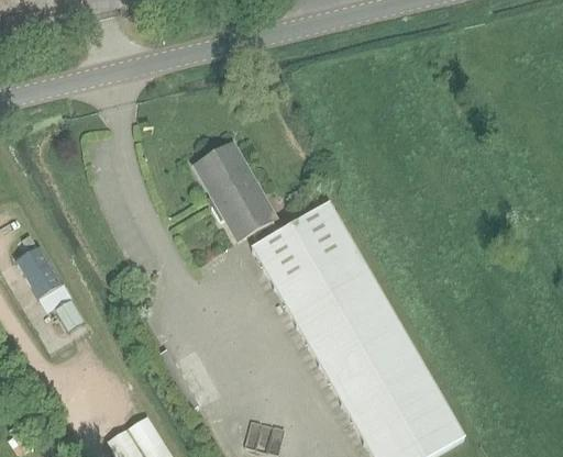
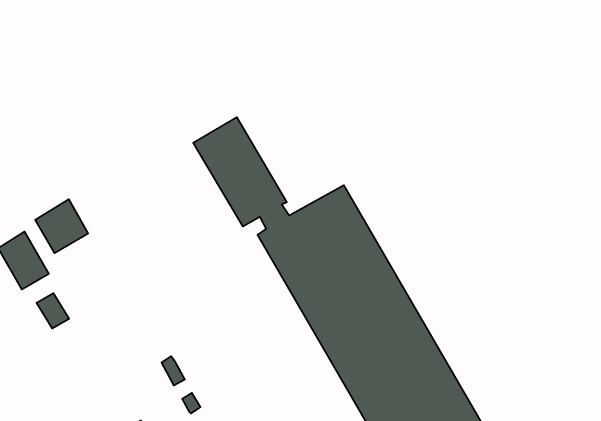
building: none -> [35,199,88,253]

